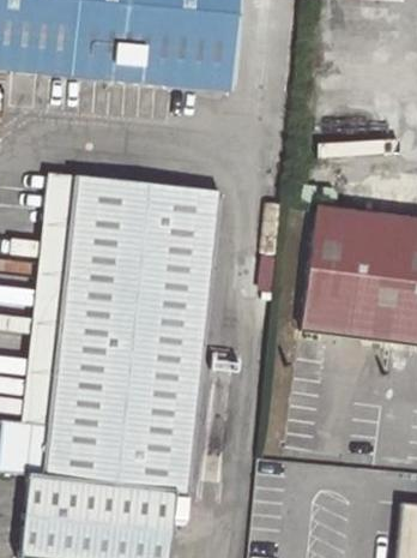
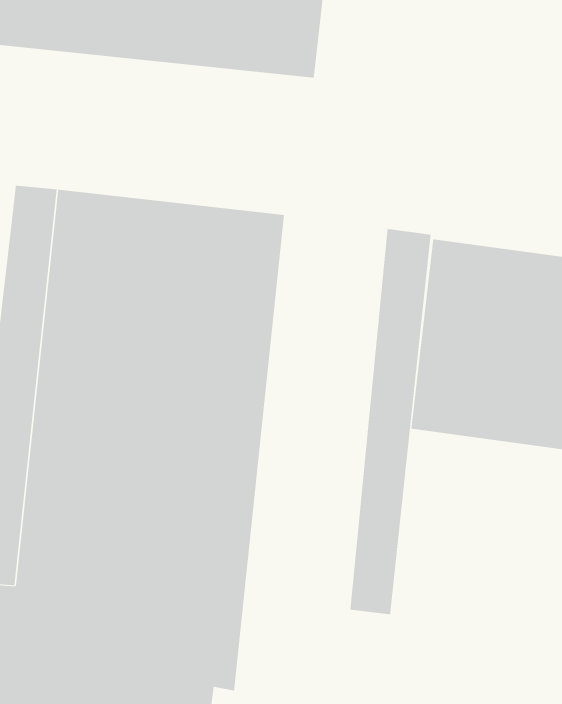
building: none -> [350,228,431,615]

